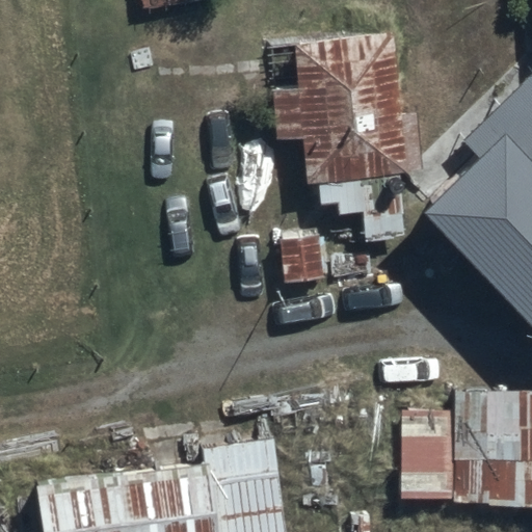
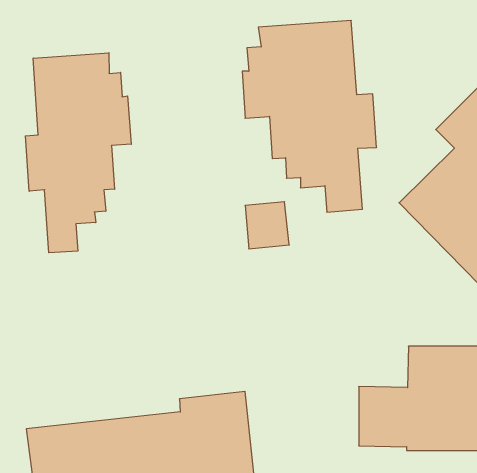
building: none -> [25,53,131,253]

